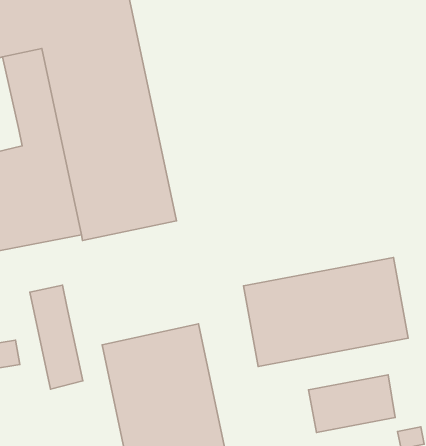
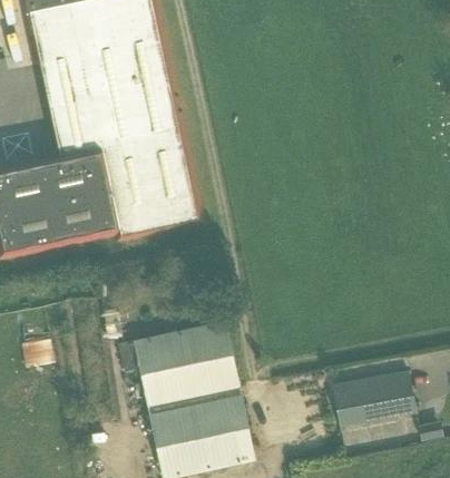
building: [244,257,408,367] -> none
building: [30,285,83,389] -> none

